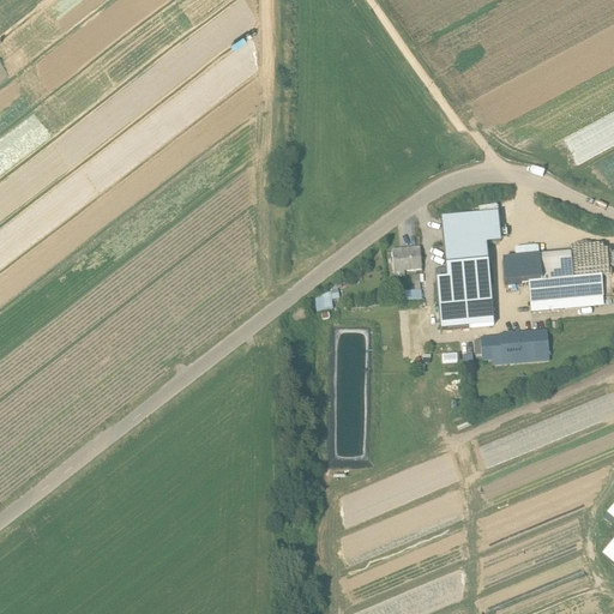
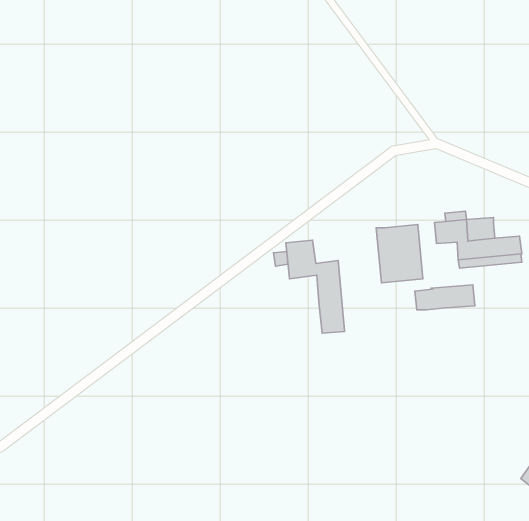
building: [443,210,501,263] -> none
building: [393,245,423,269] -> none
building: none -> [286,240,345,333]

